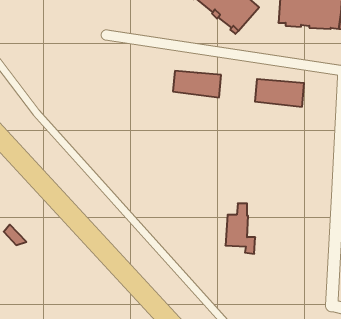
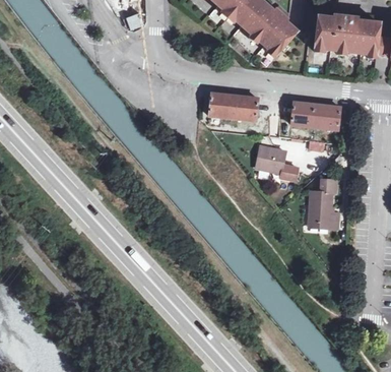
building: none -> [257,143,299,177]
building: [225,203,255,254] -> [309,179,338,229]

